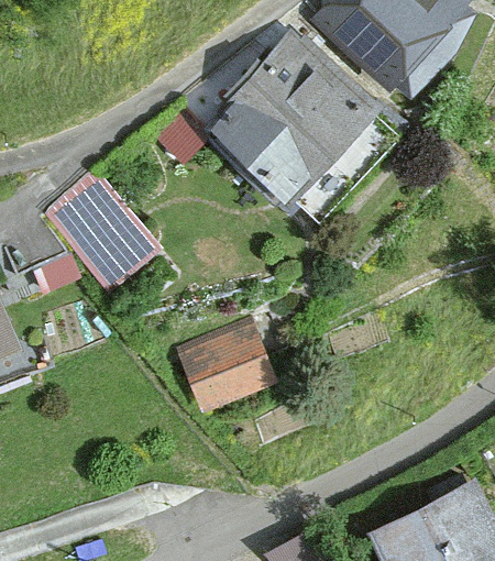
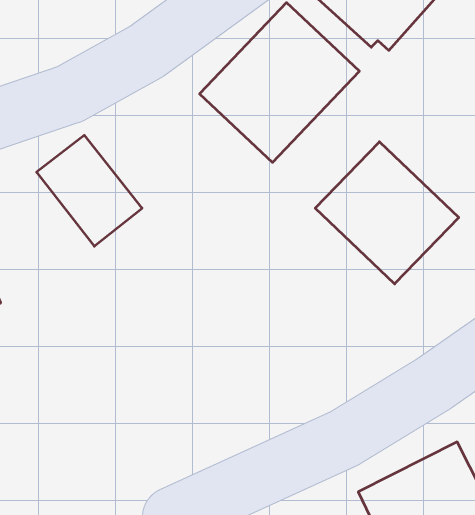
building: none -> [315,142,459,284]
building: [179,323,271,406] -> none

